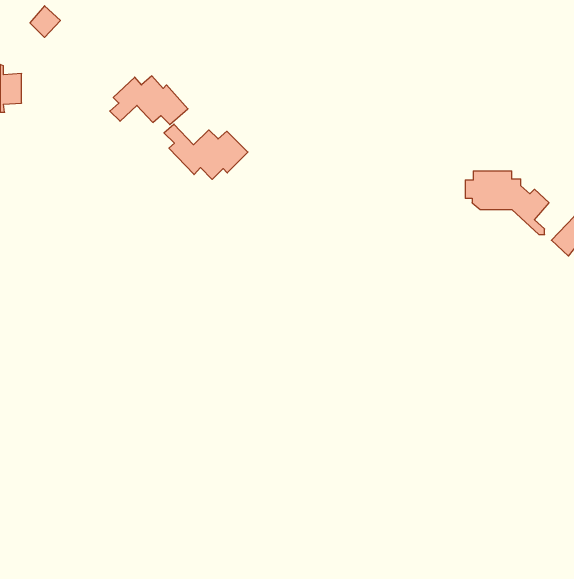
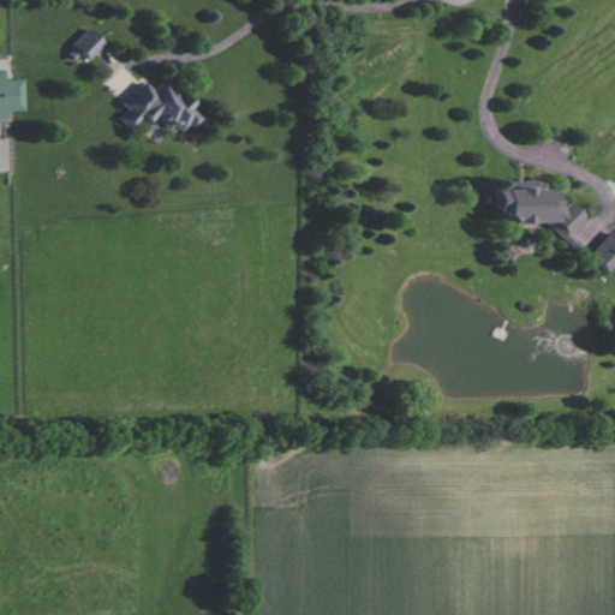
building: [30,6,60,37] -> [76,26,108,60]
building: [164,124,248,179] -> none

